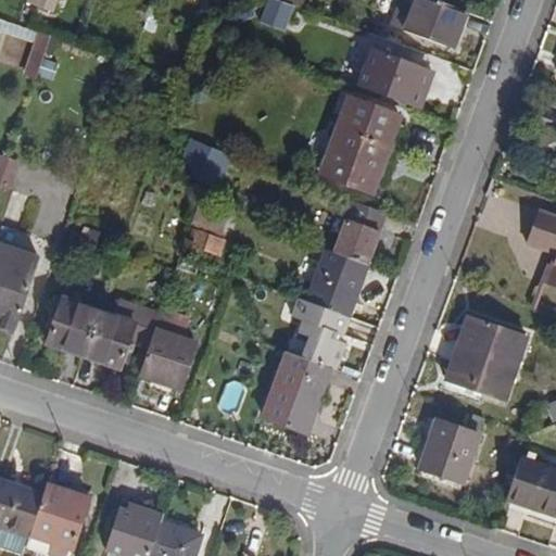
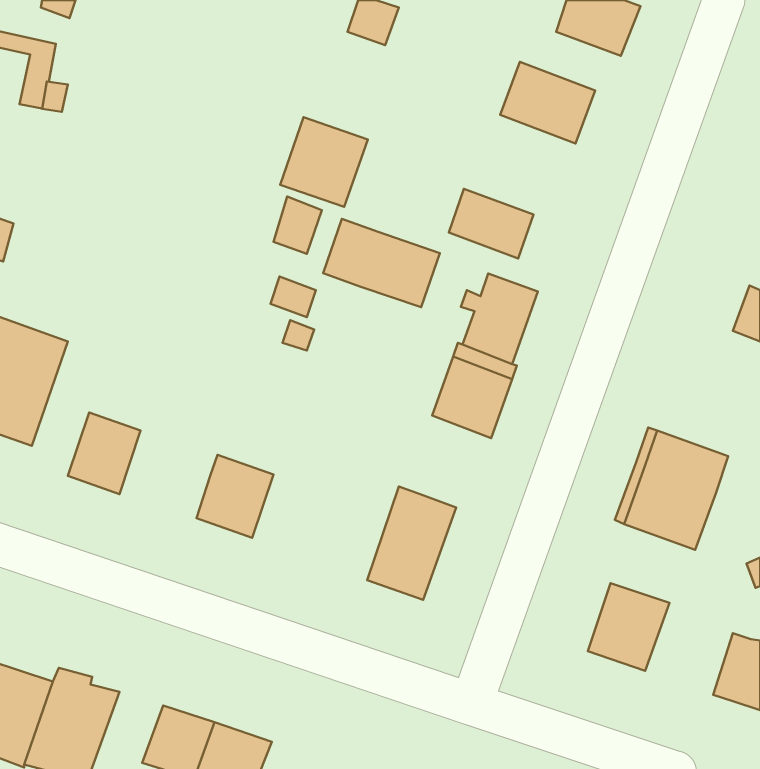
building: none -> [280,117,368,207]
building: [333,98,399,156] -> none
building: none -> [323,219,440,307]
building: [295,298,353,369] -> none
building: [86,300,162,369] -> none

